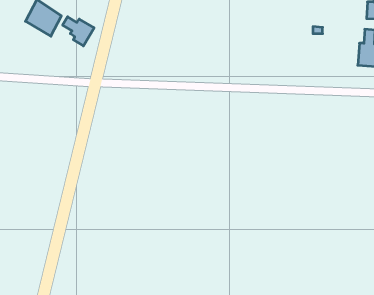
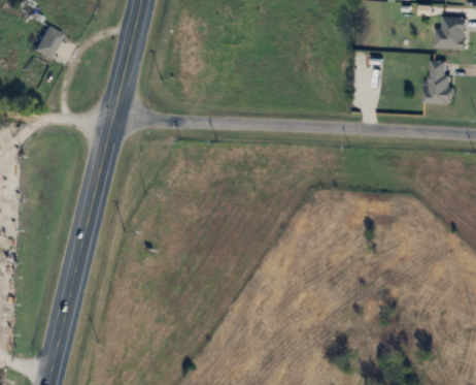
building: [63,17,94,46] -> none

